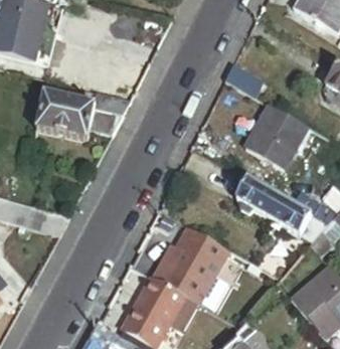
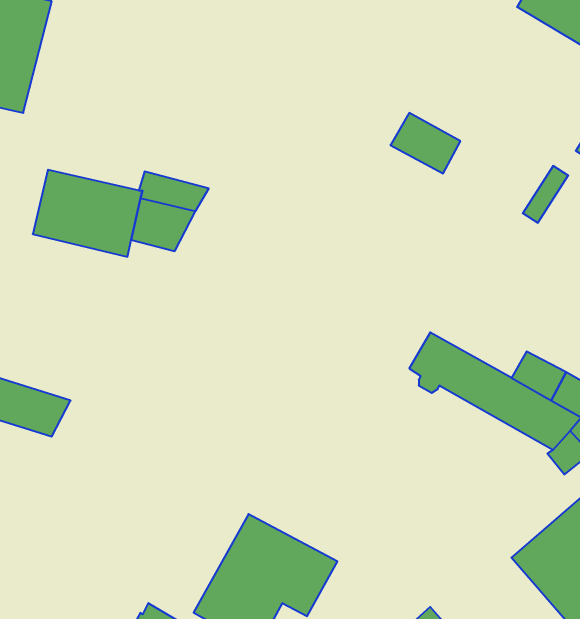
building: [243,104,305,166] -> none
building: [153,225,230,303] -> none

